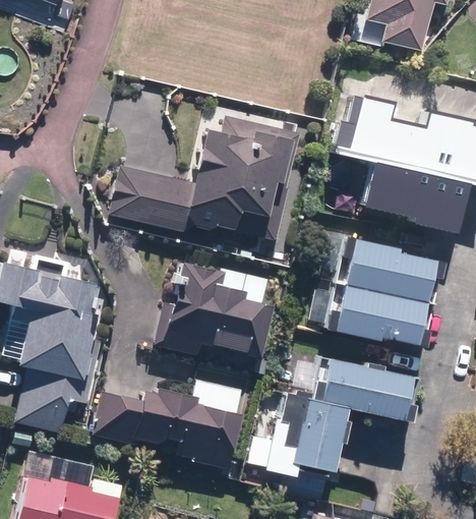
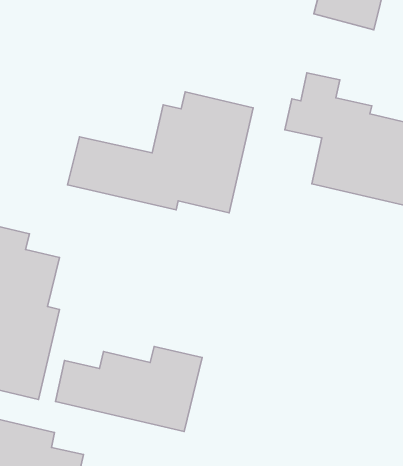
building: [336,238,430,346] -> none
building: [162,261,274,356] -> none
building: [281,355,421,472] -> none

